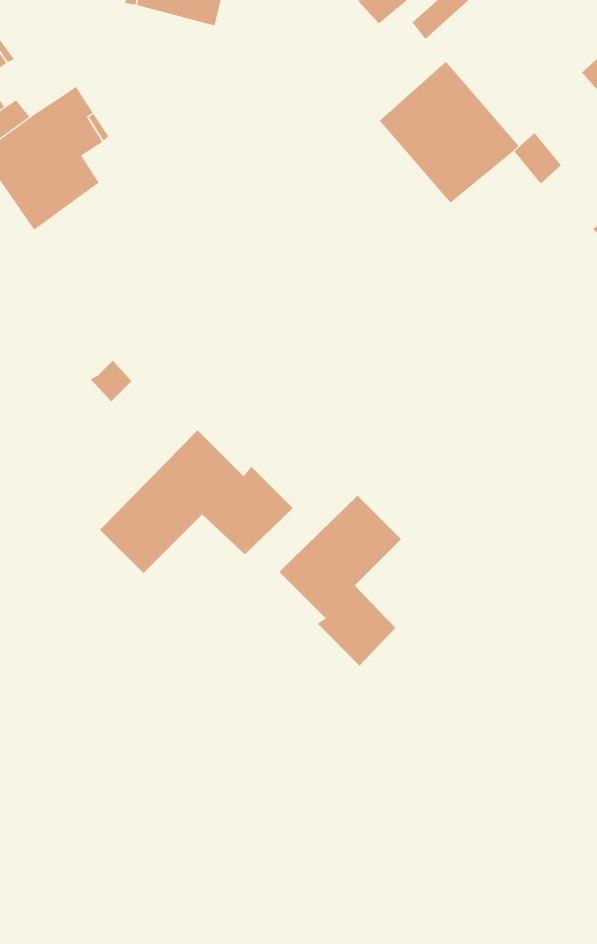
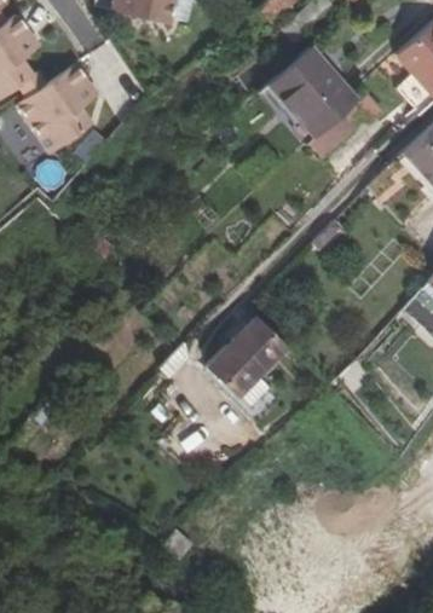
building: [99,429,293,574] -> none

